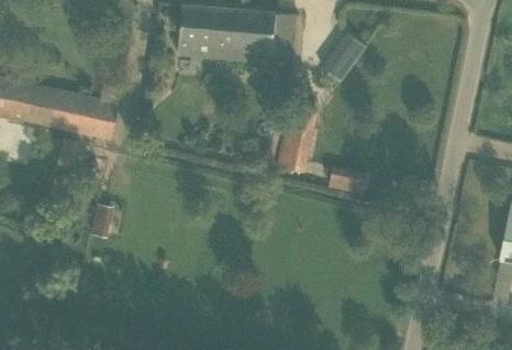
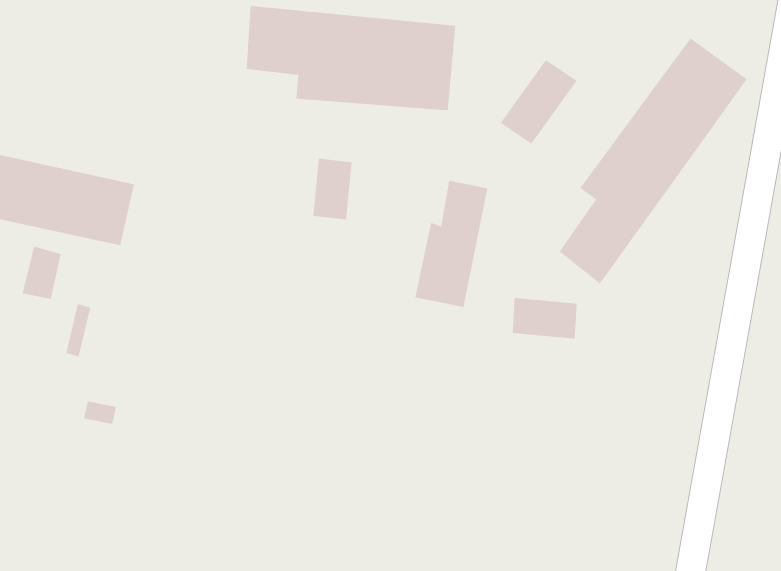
building: none -> [559,37,748,285]
building: none -> [313,158,352,220]

